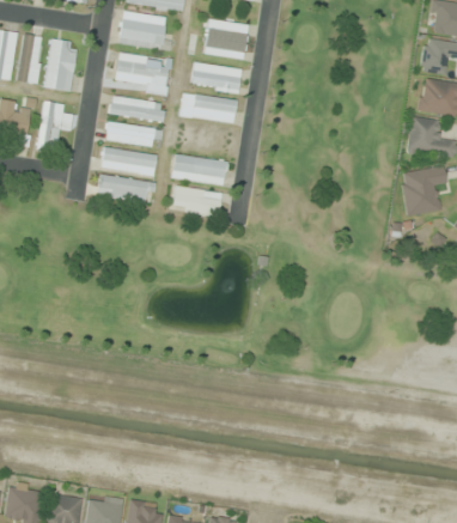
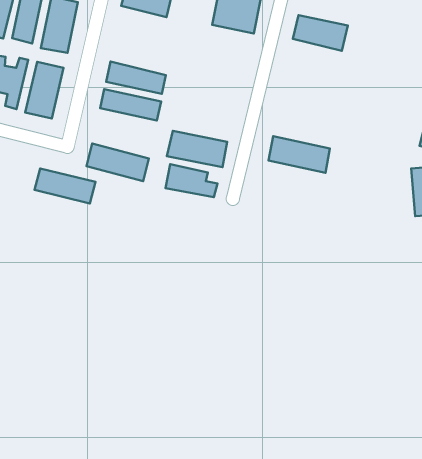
building: [114,53,169,87] -> none
building: [190,62,240,92] -> [293,15,348,51]
building: [179,92,236,122] -> [269,136,330,173]
building: [100,146,157,175] -> [35,168,96,203]

